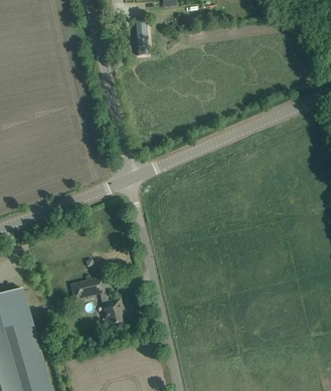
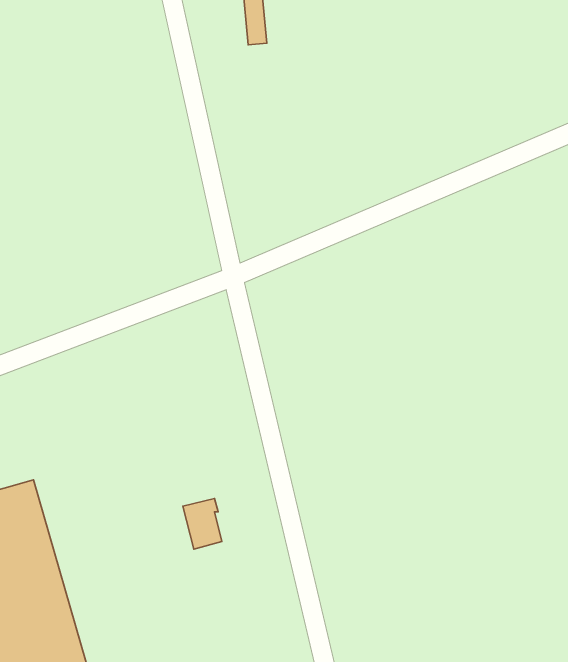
building: [70,275,106,299] -> none

